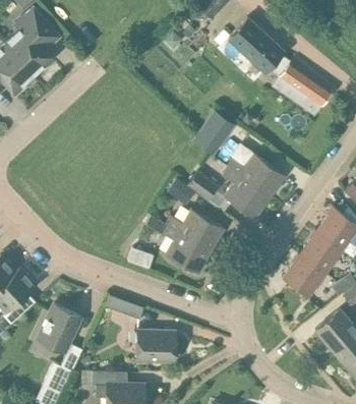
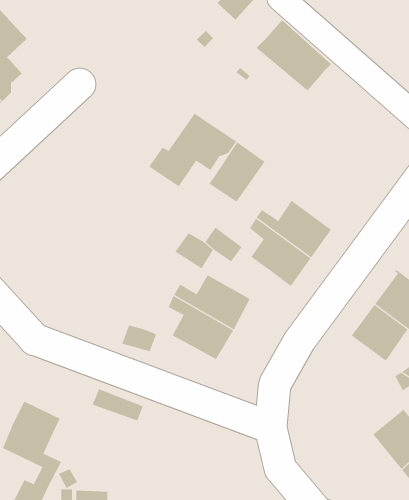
building: [270,56,332,114] -> none
building: none -> [149,113,237,190]
building: [282,255,325,298] -> none
building: [136,332,176,361] -> none

